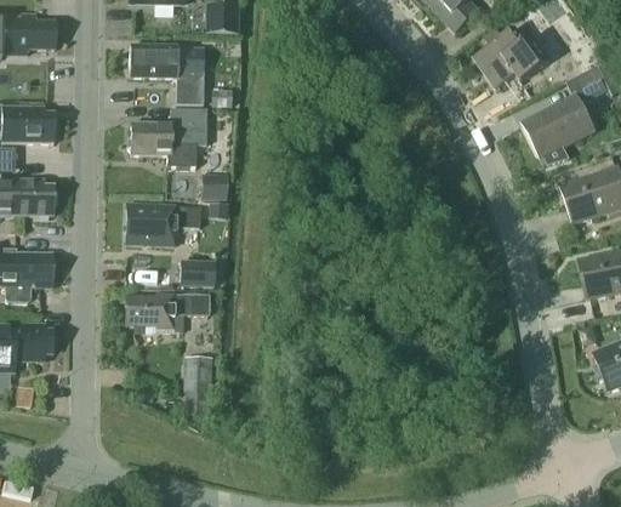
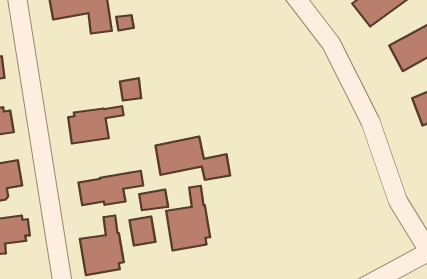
building: [127,108,206,166] -> none
building: none -> [155,136,230,180]
building: [180,262,215,285] -> [139,190,168,210]
building: none -> [166,186,210,250]
building: none -> [80,216,124,275]

